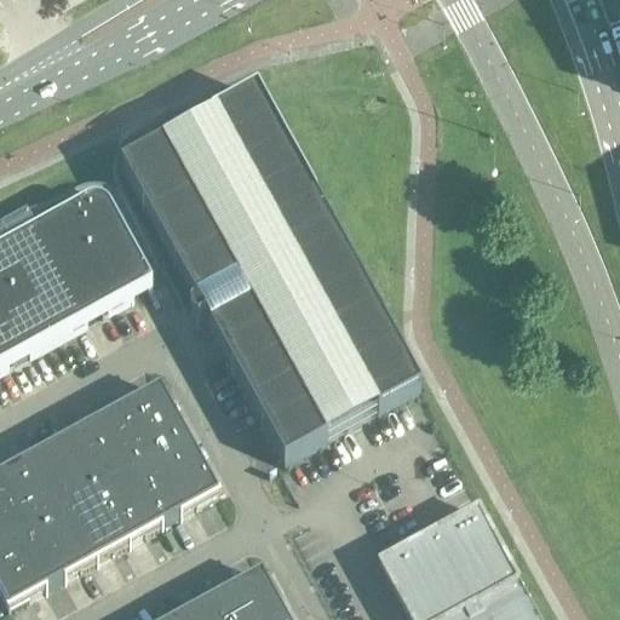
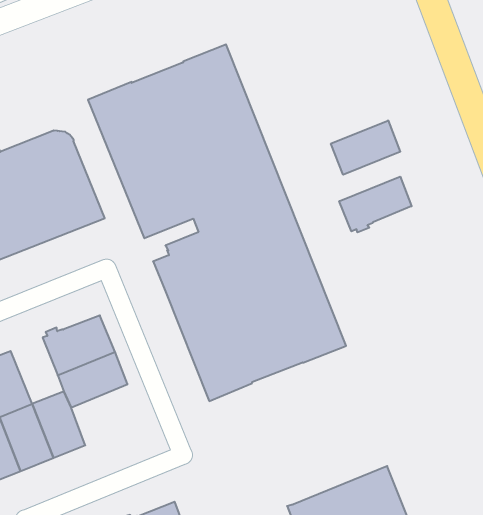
building: none -> [331,120,400,175]
building: none -> [339,177,412,232]
building: [70,409,131,480] -> none
building: [140,447,217,516] -> none

